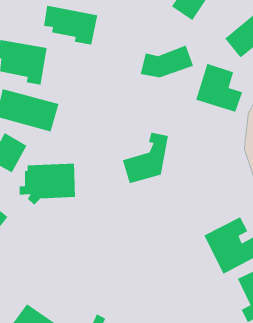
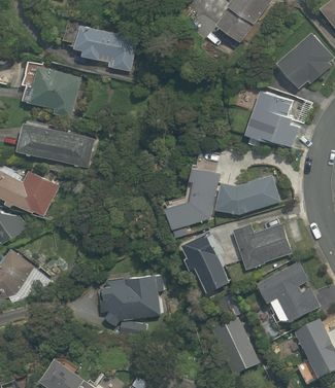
building: [140,44,194,78] -> [217,174,279,212]
building: [19,163,76,206] -> [96,276,161,324]
building: none -> [231,222,290,269]
building: none -> [181,235,229,292]
building: none -> [209,316,260,378]

